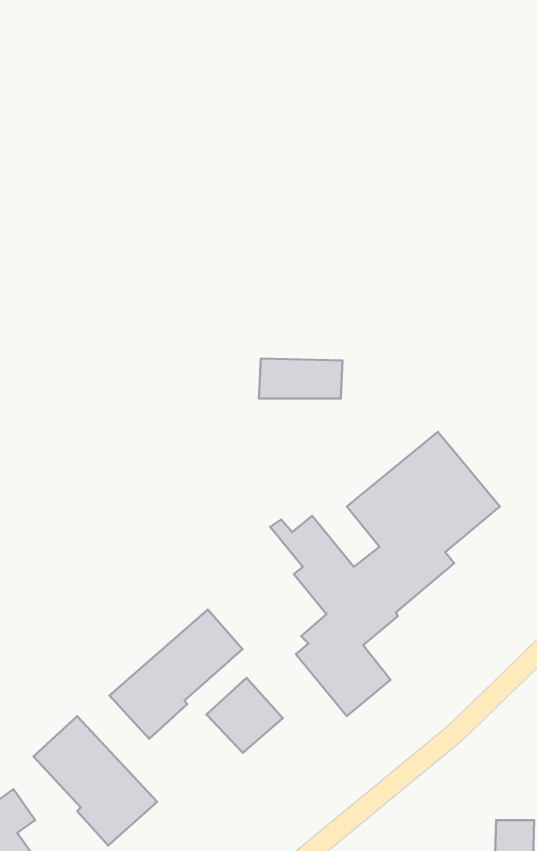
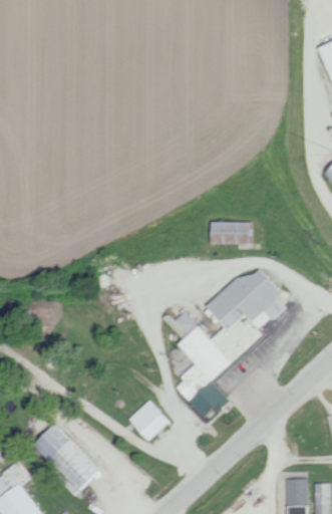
building: [259,359,343,399] -> [209,221,255,243]
building: [109,609,243,739] -> none

